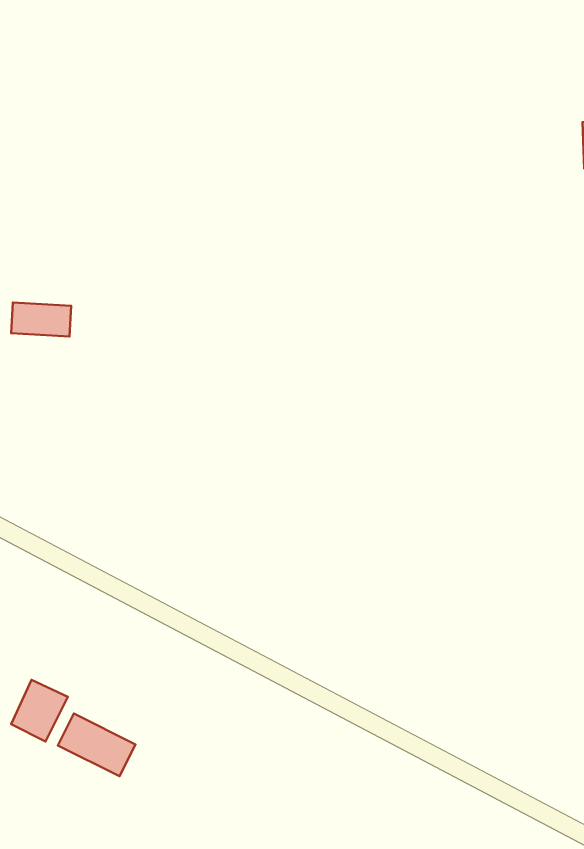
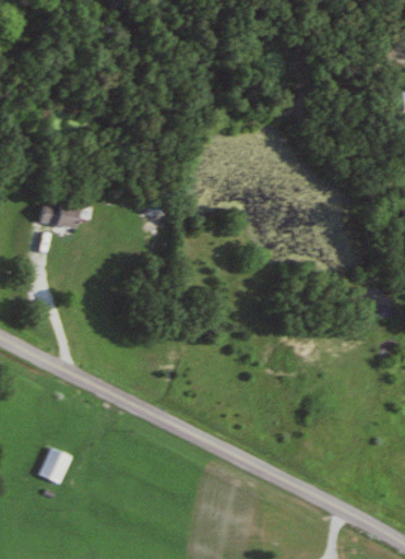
building: [58,714,135,776] -> none

